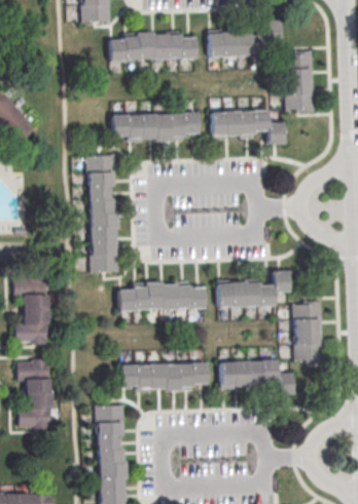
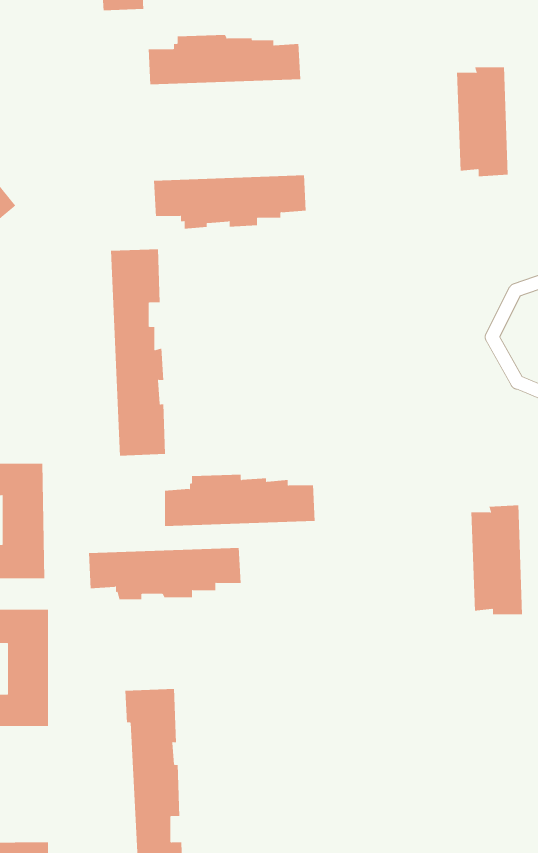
building: [209,21,281,59] -> none
building: [211,110,283,145] -> none
building: [217,271,289,308] -> none
building: [220,360,292,395] -> none
building: [119,363,207,393] -> [88,547,241,600]

